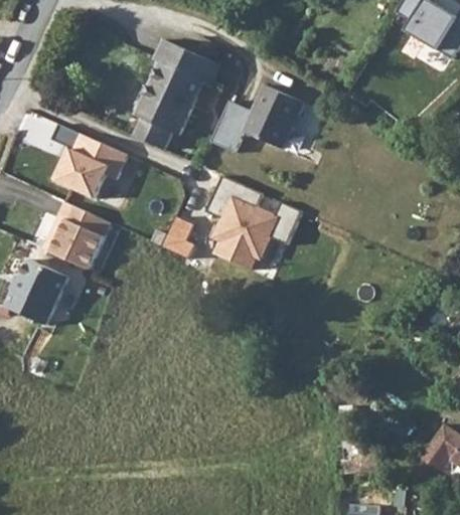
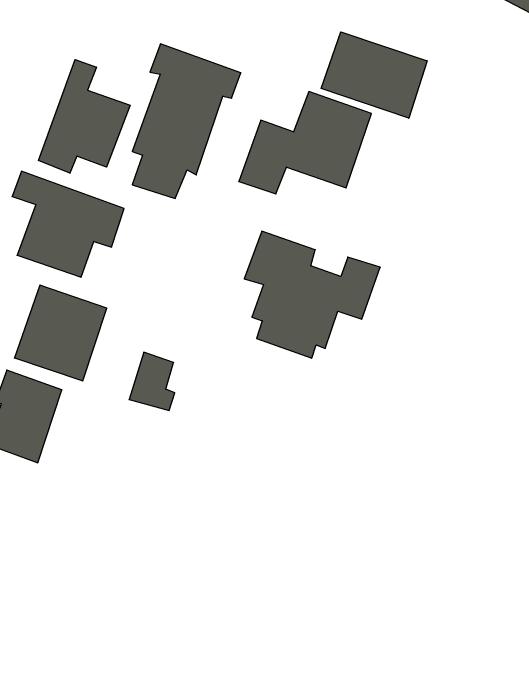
building: none -> [321,32,427,118]
building: none -> [39,60,130,173]
building: [160,214,193,256] -> [129,352,175,411]

